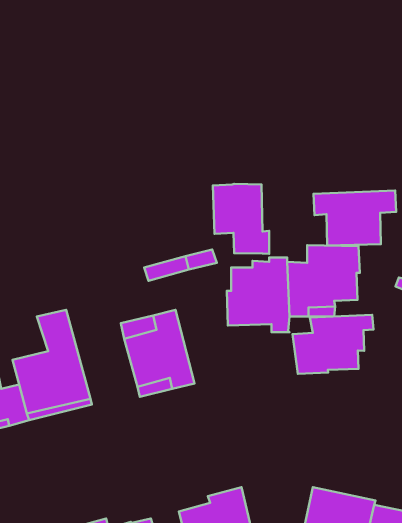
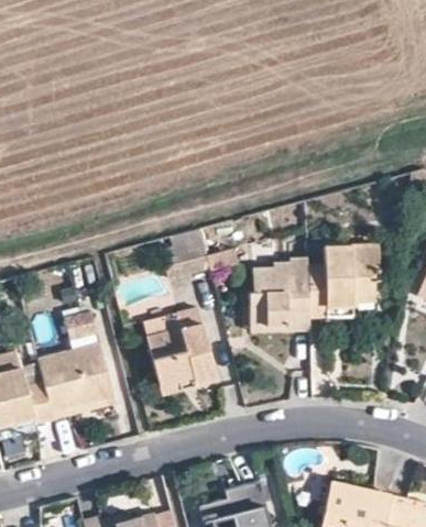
building: [213,184,269,254] -> none
building: [313,191,396,246] -> none
building: [293,315,374,374] -> none

